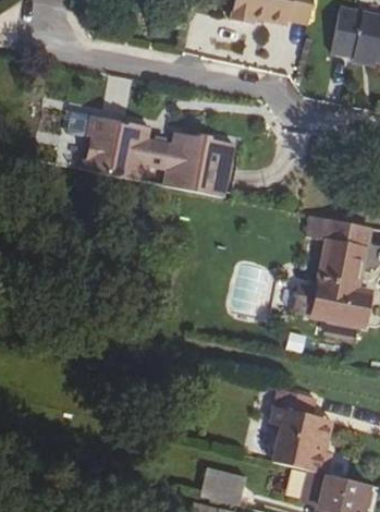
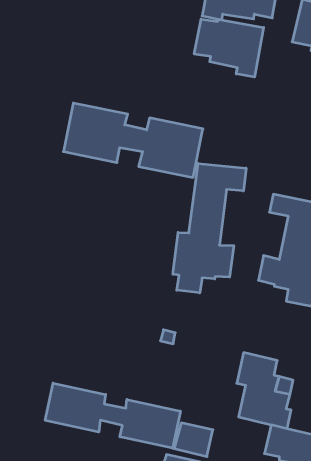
building: none -> [194,19,264,77]
building: none -> [173,163,246,293]
building: none -> [45,383,180,448]

